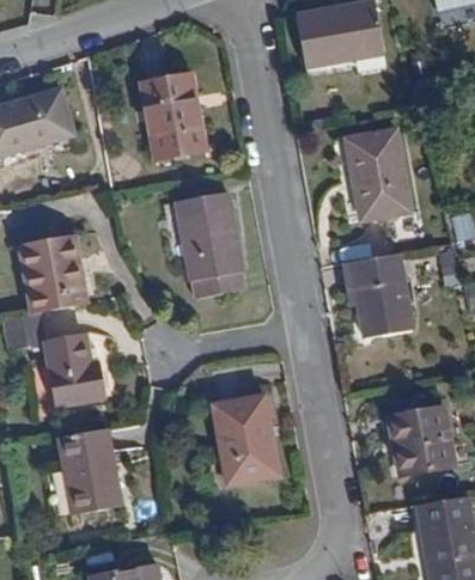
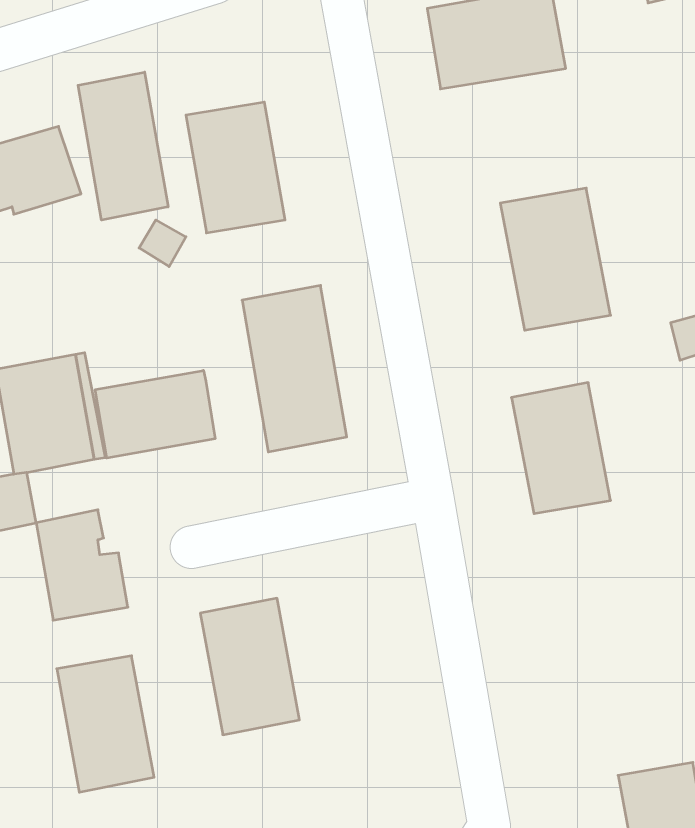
building: none -> [78,72,168,220]
building: none -> [95,370,215,458]
building: [214,395,278,482] -> [200,598,299,735]
building: [389,408,453,474] -> none

